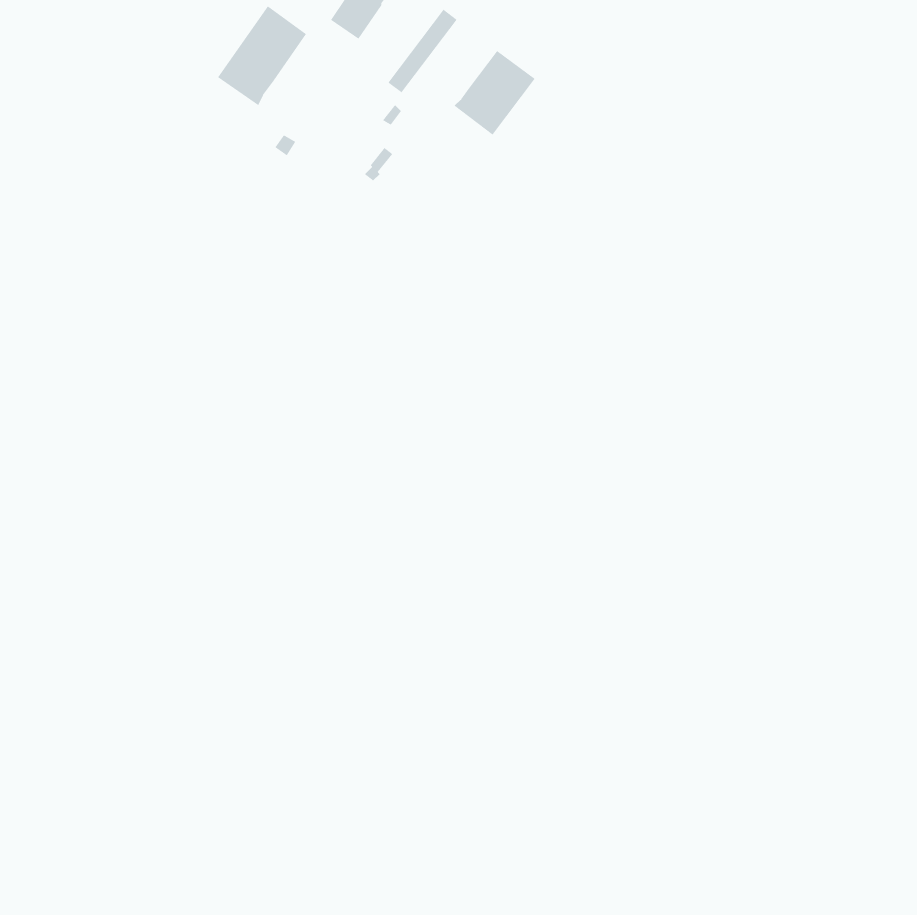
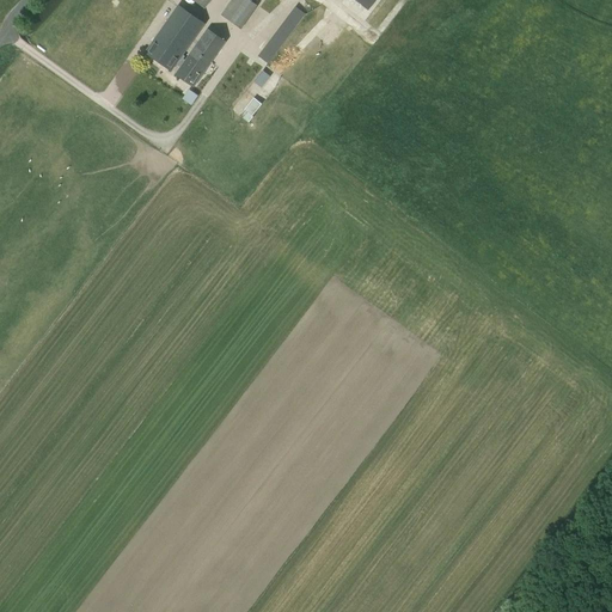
building: none -> [176,29,225,85]
building: [453,50,536,136] -> none

